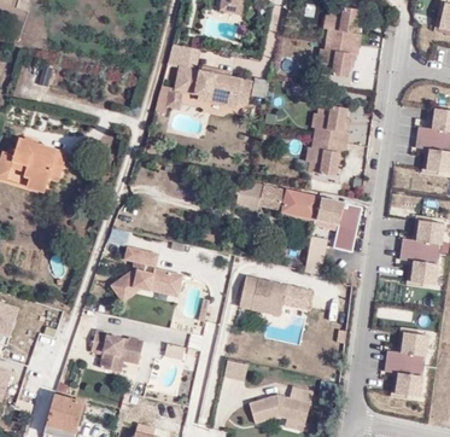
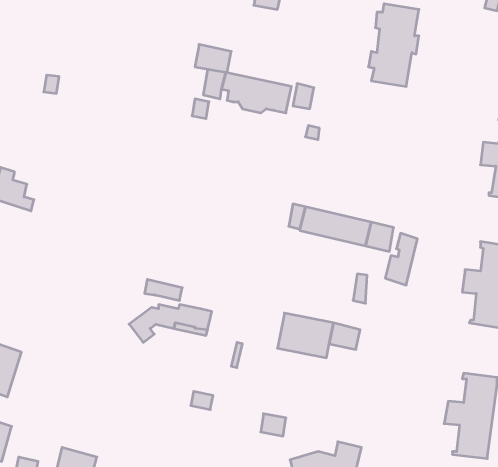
building: [306,107,350,177] -> none
building: [12,138,68,191] -> none
building: [92,331,144,374] -> none

